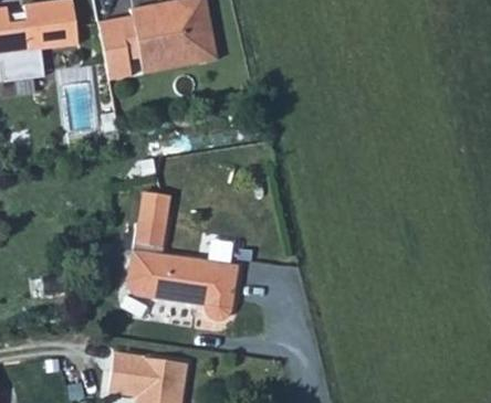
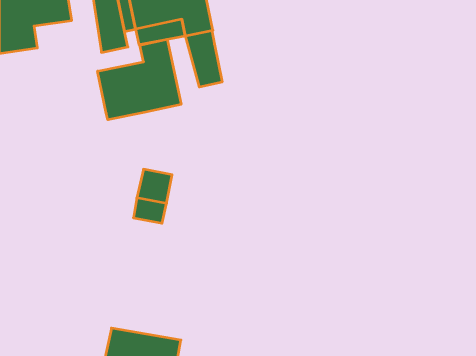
building: none -> [186,31,222,87]
building: none -> [98,39,181,120]
building: [130,250,239,321] -> none

